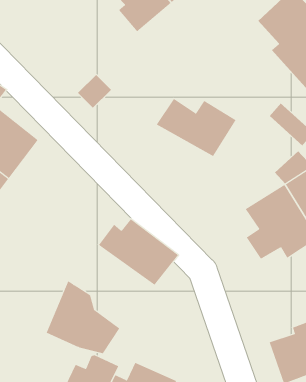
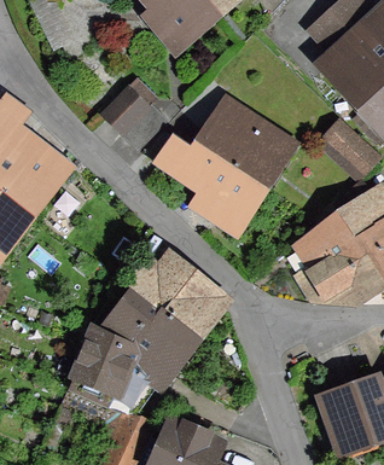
building: none -> [161,138,263,228]
building: none -> [103,292,196,385]

